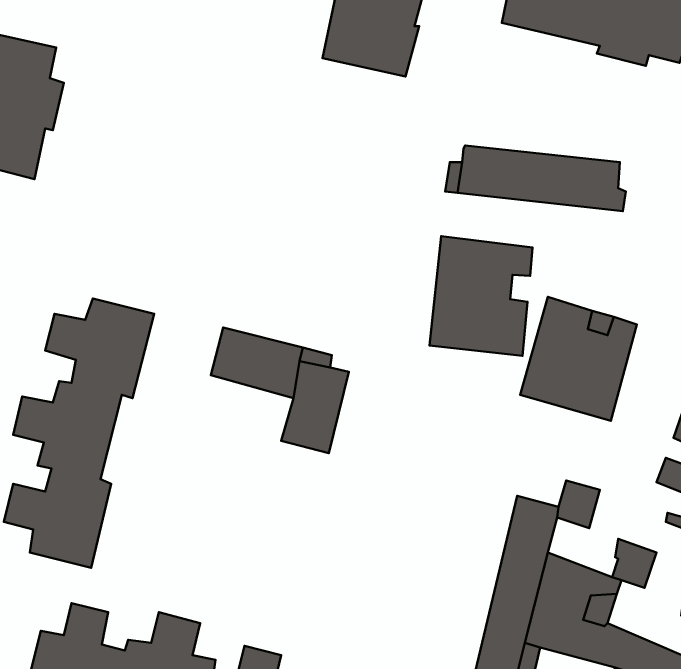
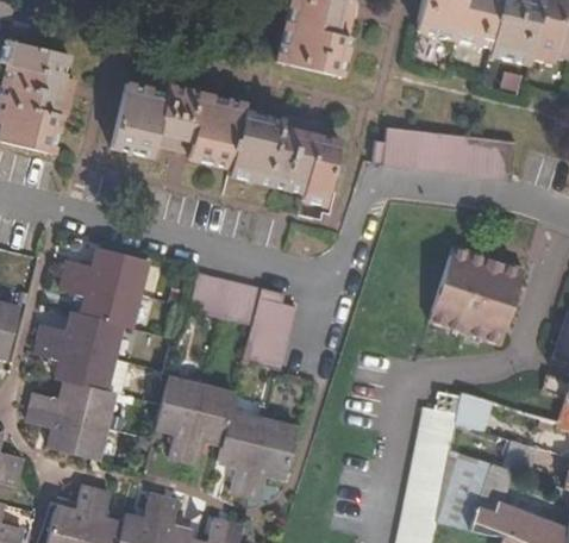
building: none -> [111,83,343,207]
building: [429,236,532,356] -> none
building: none -> [156,377,296,495]

